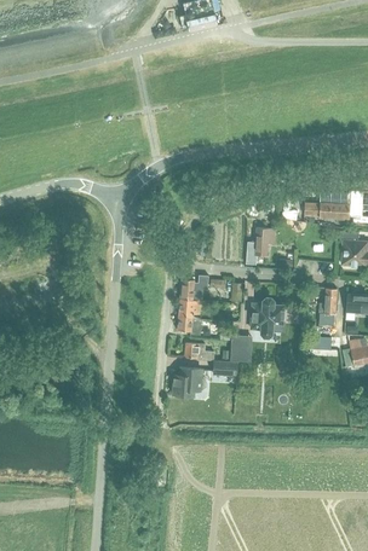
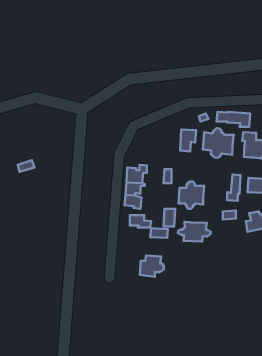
building: none -> [203,128,234,158]
building: none -> [178,222,211,242]
building: [173,367,206,396] -> [140,256,164,277]

